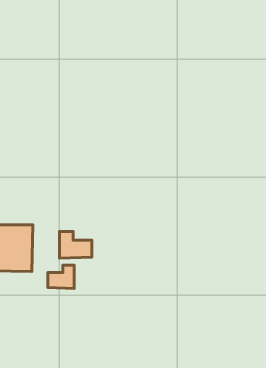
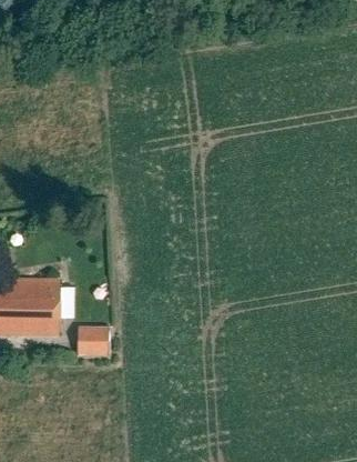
building: [59,232,92,258] -> none

